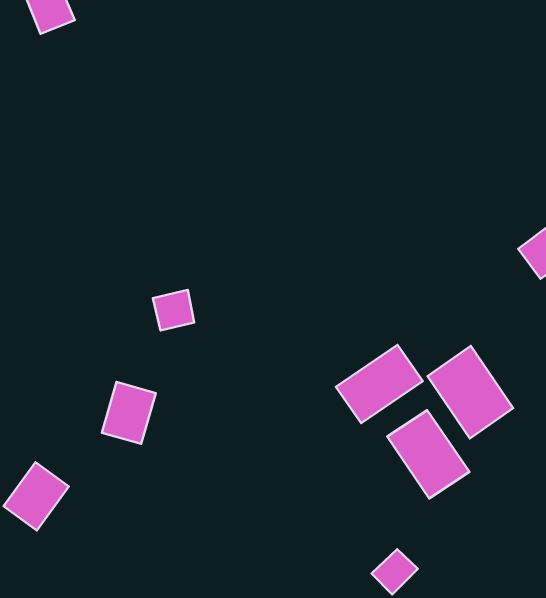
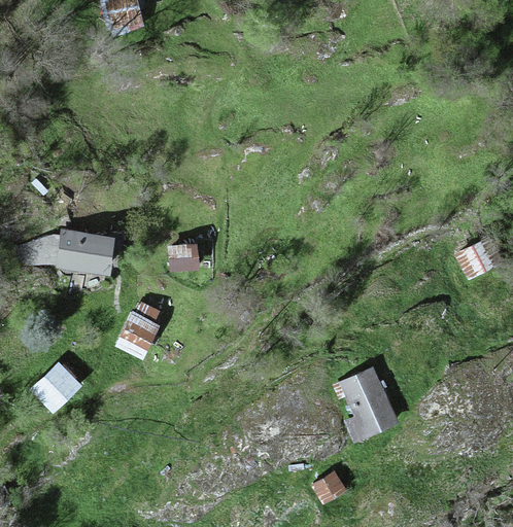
building: none -> [58,230,115,275]
building: [336,345,423,423] -> none
building: [427,346,513,438] -> none

